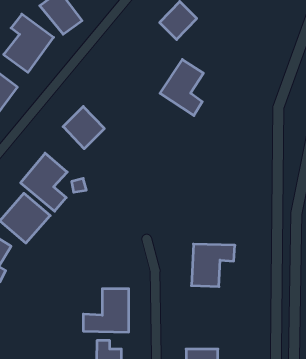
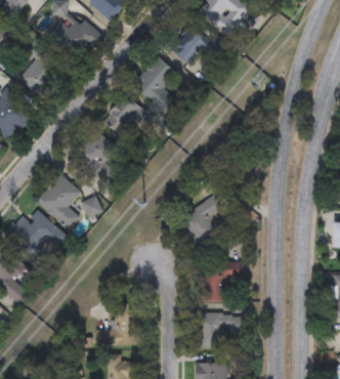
building: [160,59,203,116] -> [133,56,175,111]
building: none -> [105,96,147,134]
building: none -> [181,193,225,244]
building: none -> [196,312,246,348]

